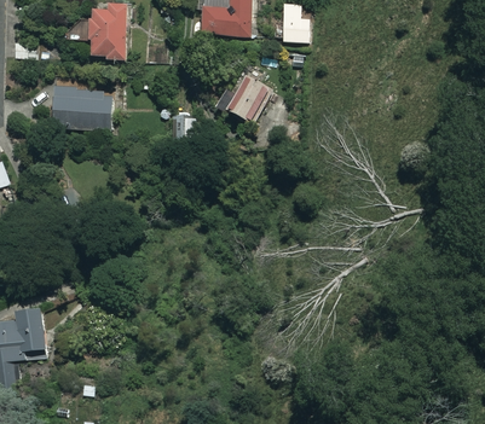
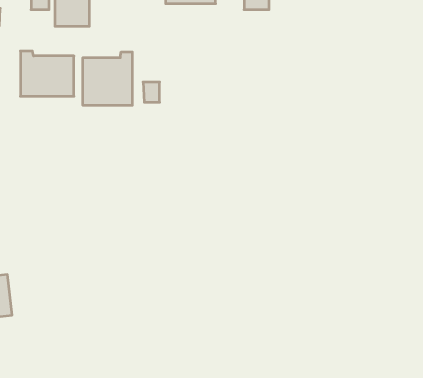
building: [216,71,270,124] -> none
building: none -> [83,52,132,105]

